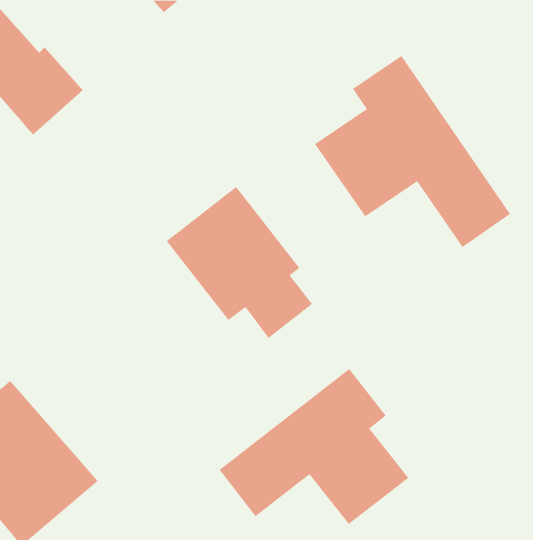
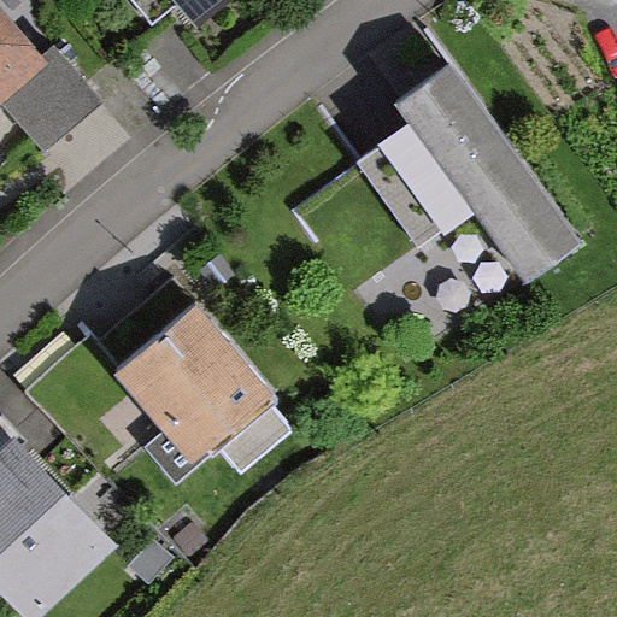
building: [166,186,313,339] -> [117,302,284,476]
building: [219,368,409,525] -> none

